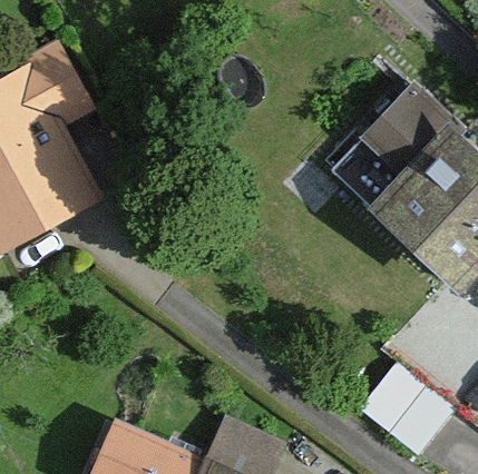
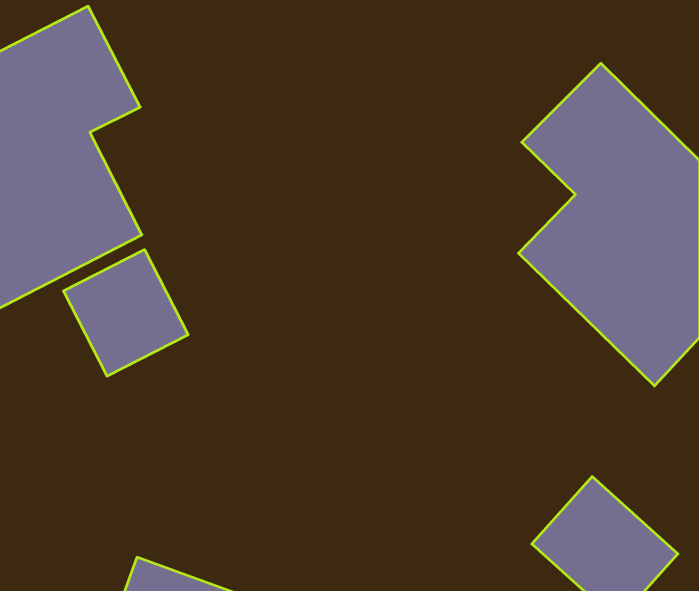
building: none -> [63,250,188,376]

